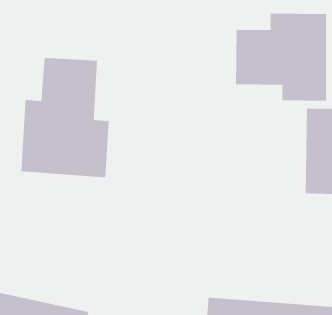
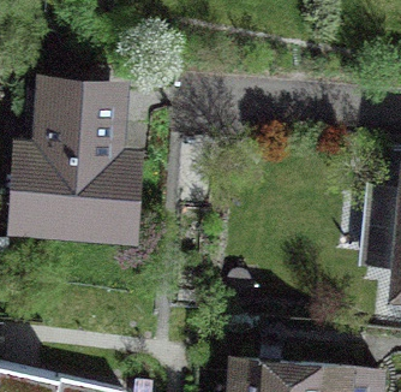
building: [236,13,327,102] -> none

